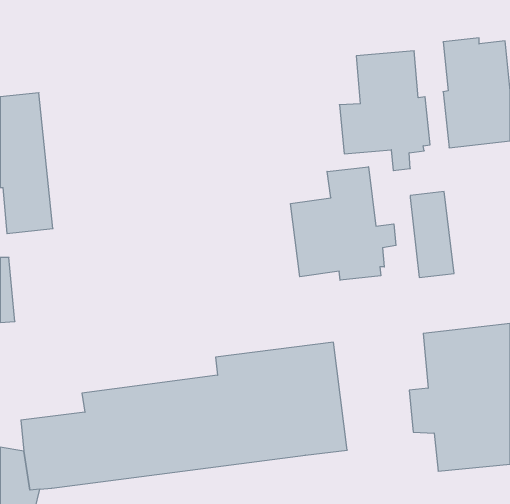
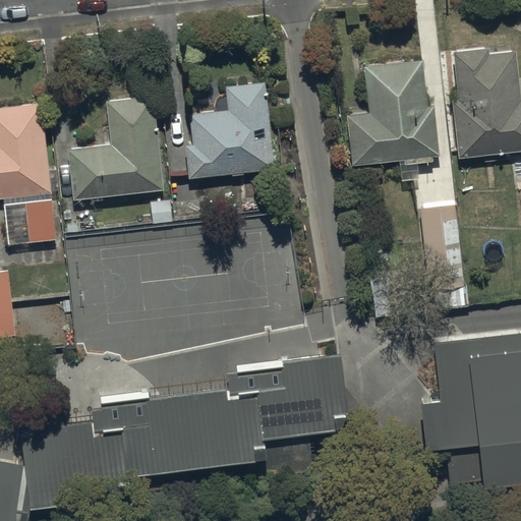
building: none -> [183,79,275,177]
building: none -> [68,94,161,199]
building: [291,167,396,280] -> none

